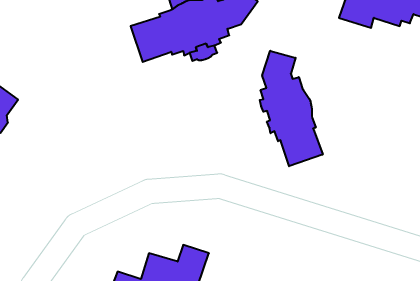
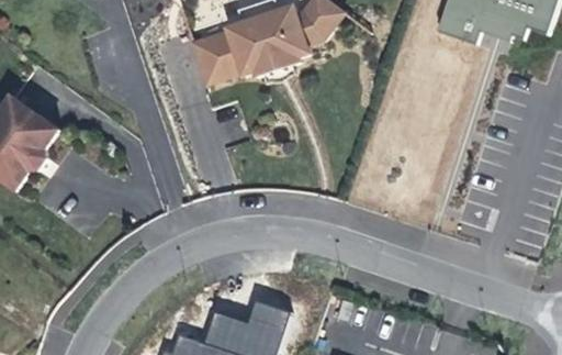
building: [260,51,323,166] -> none

